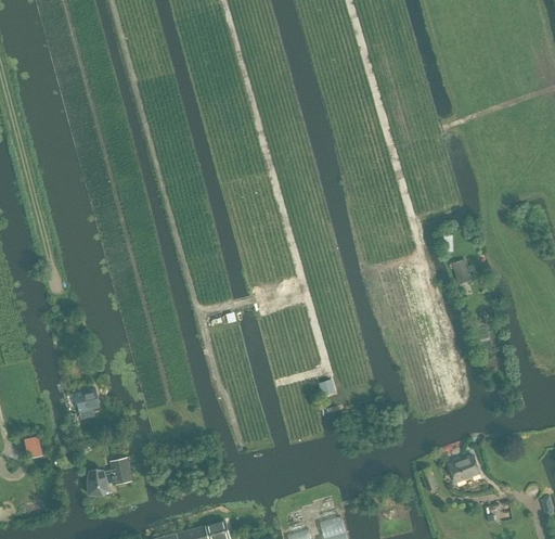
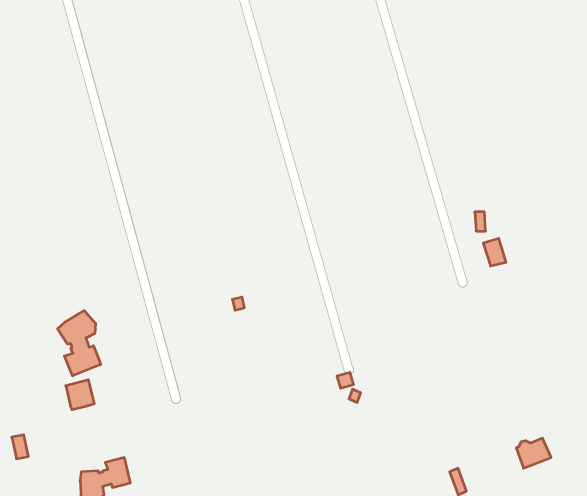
building: none -> [58,311,101,376]
building: [449,455,480,483] -> [516,438,551,468]

